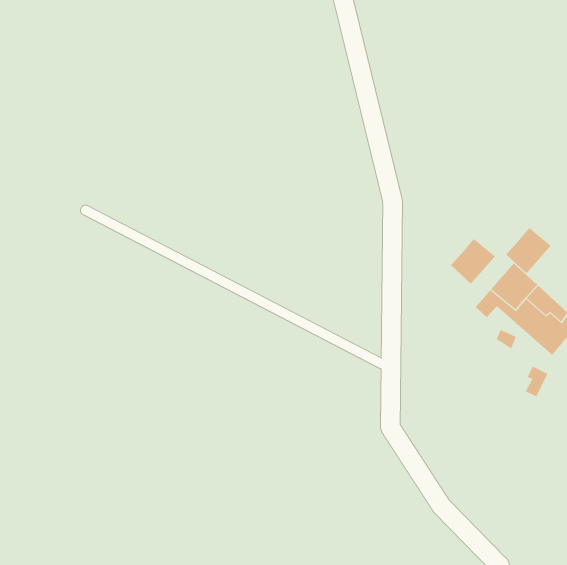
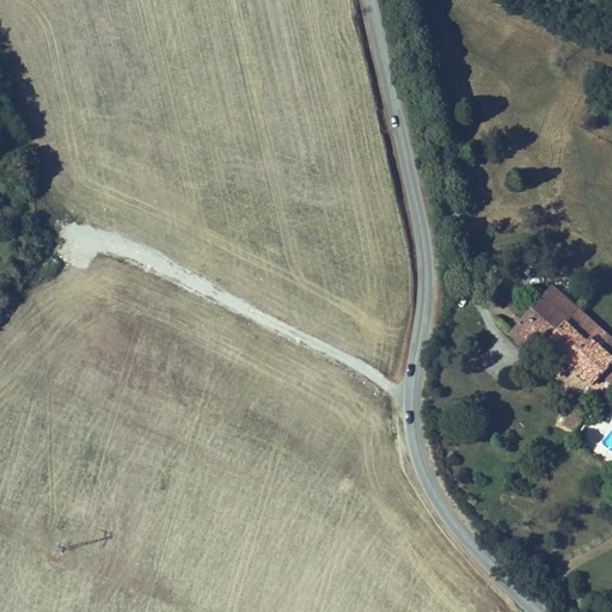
building: [505,227,552,274] -> none
building: [450,238,496,285] -> none

